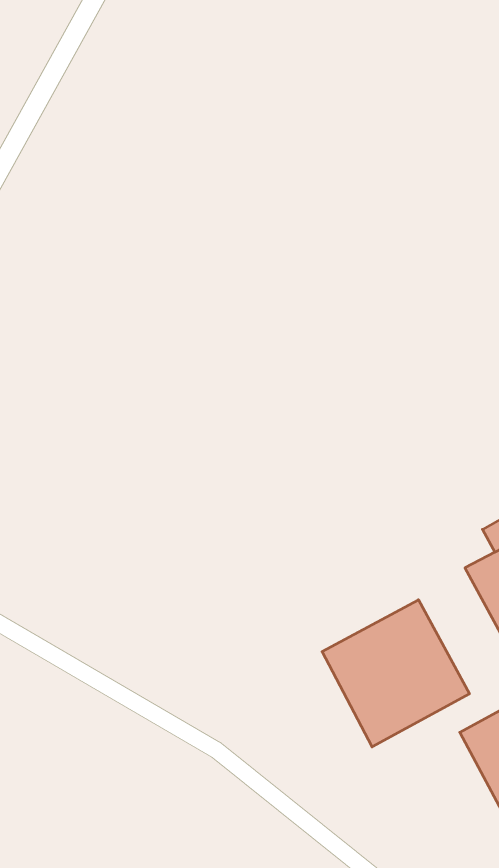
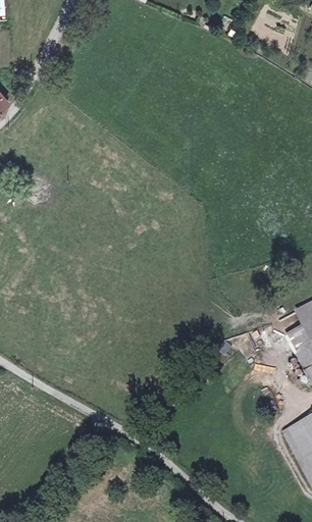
building: [322,600,469,747] -> none

